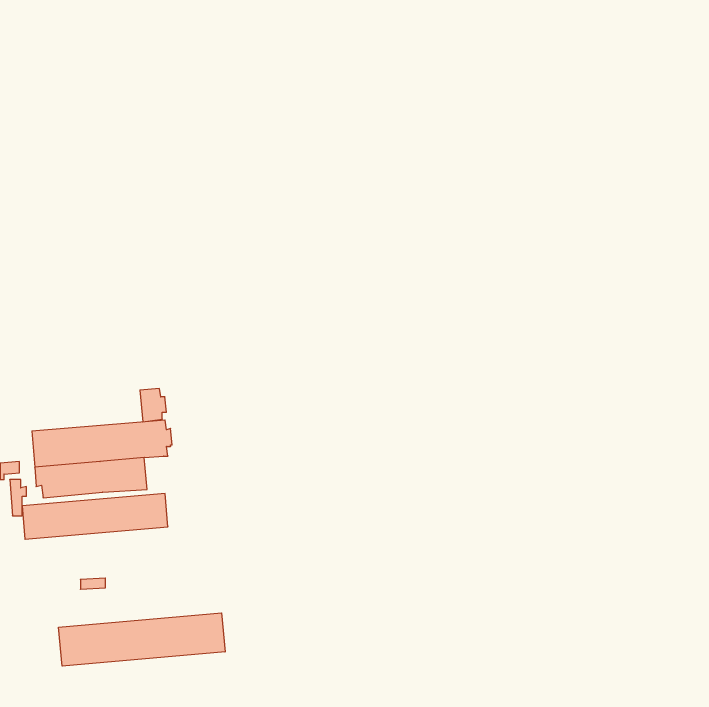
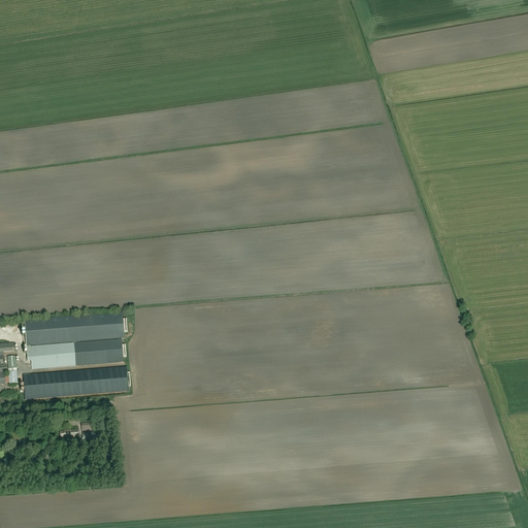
building: [140,389,166,422] -> [107,340,127,365]
building: [59,613,225,666] -> none

